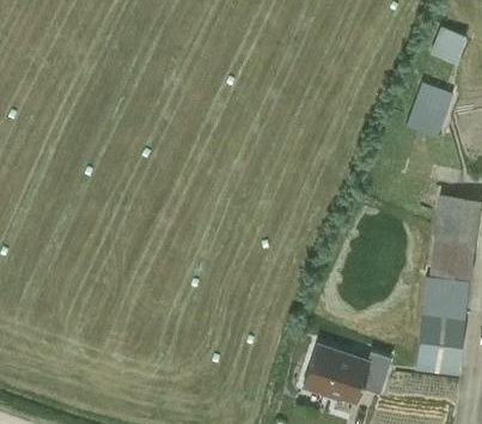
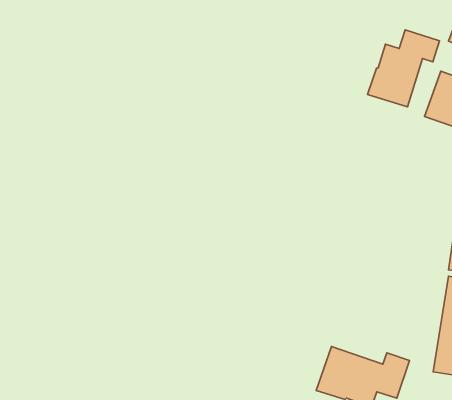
building: none -> [367,30,440,107]

